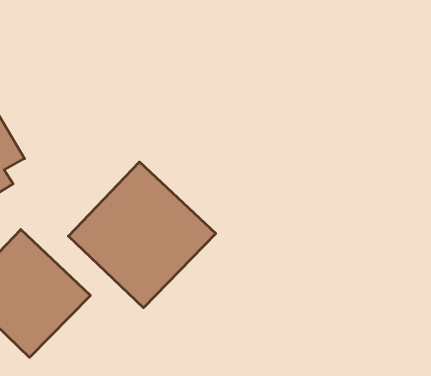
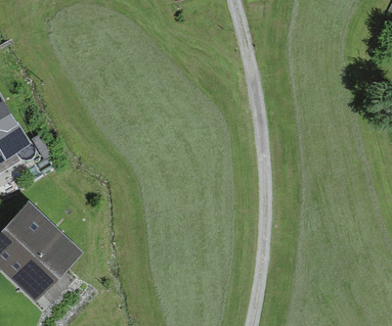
building: [68,162,216,308] -> none

